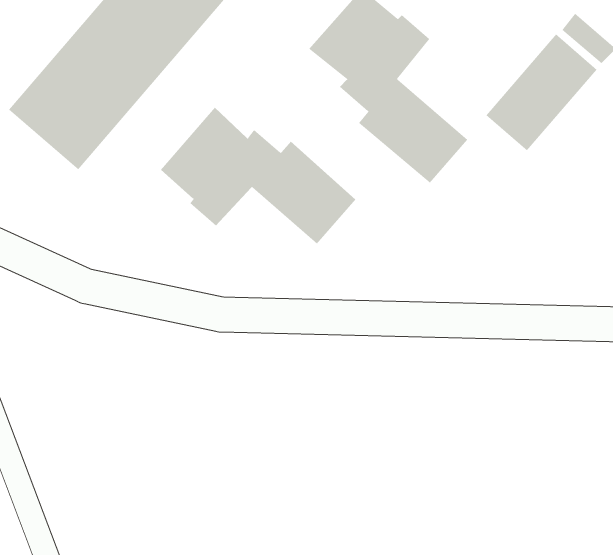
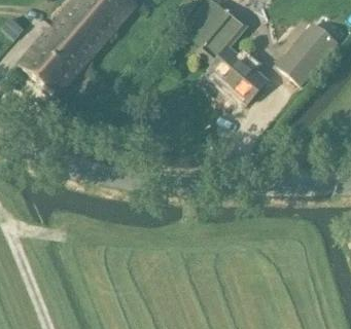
building: [160,107,356,244] -> none

